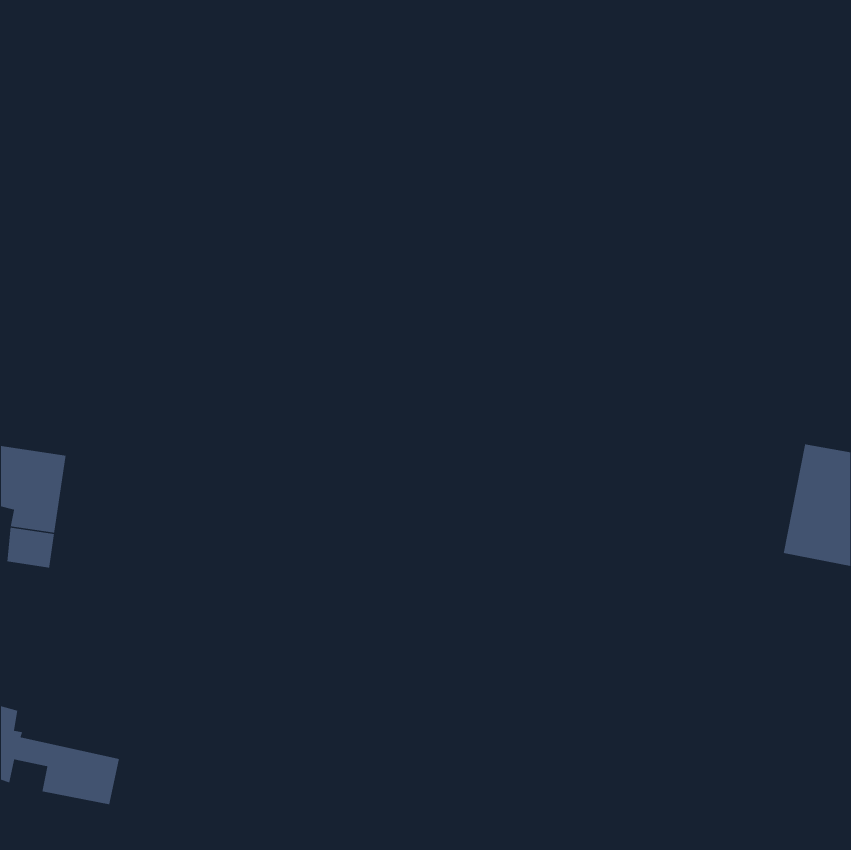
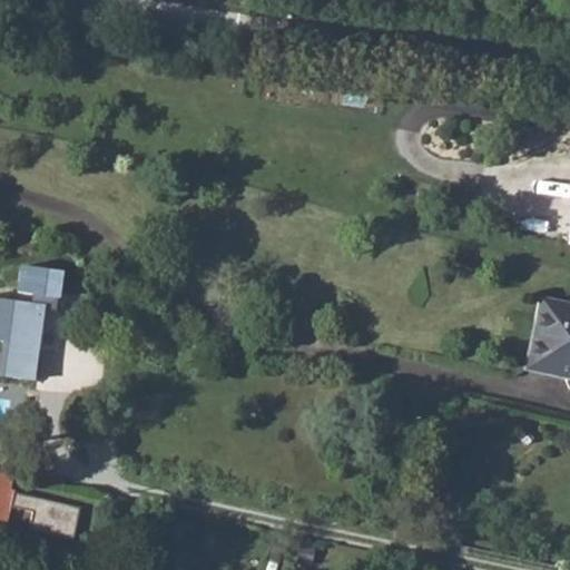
building: none -> [17,265,63,298]

